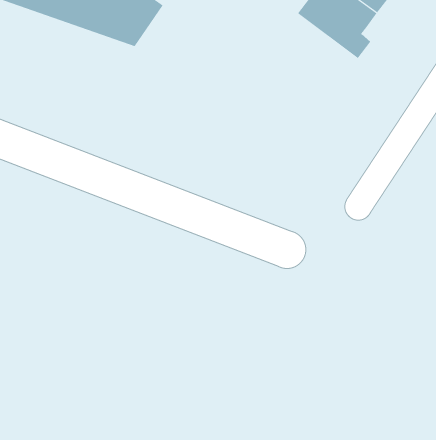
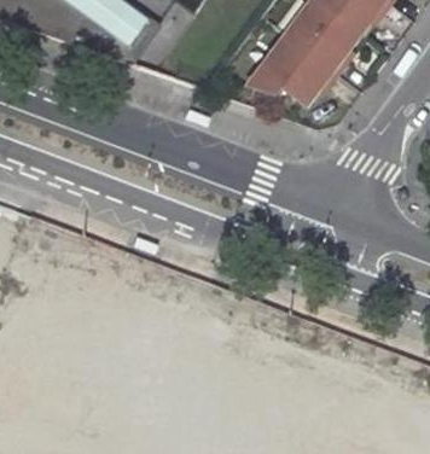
building: none -> [256,16,353,86]

